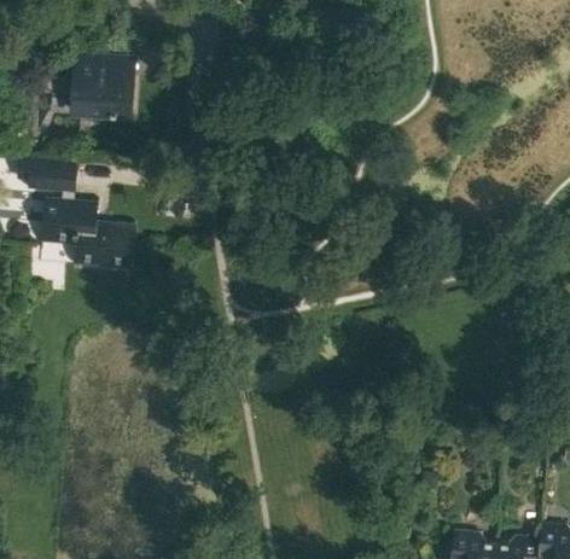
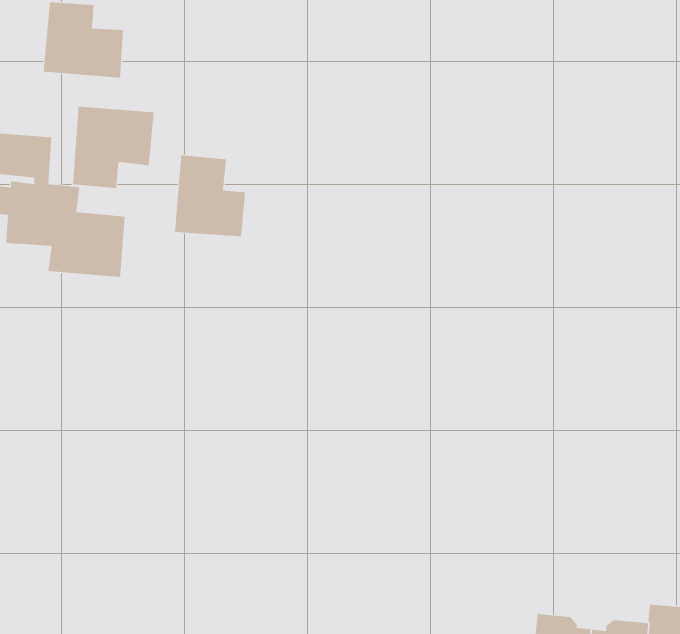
building: none -> [72,106,154,189]
building: none -> [175,155,246,237]

